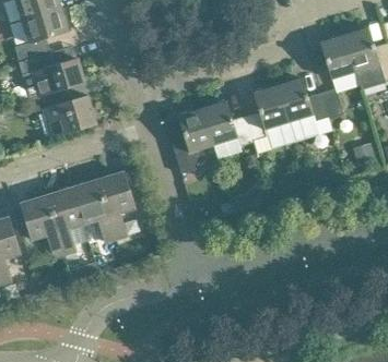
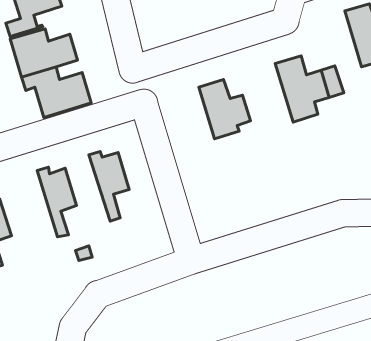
building: [320,35,355,80] -> none
building: [245,86,294,149] -> none
building: [165,109,213,173] -> none
building: [72,174,116,242] -> none
building: [21,190,64,257] -> none

